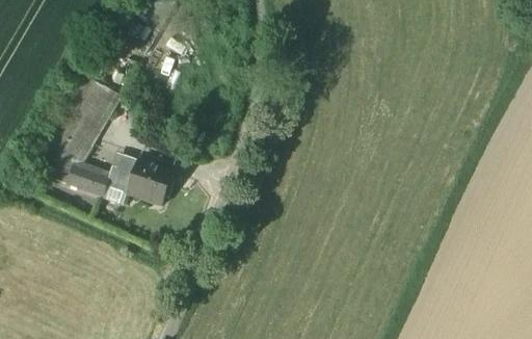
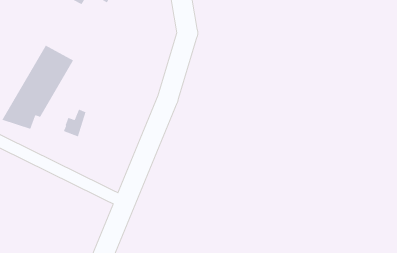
building: [128,158,175,204] -> none
building: [68,164,111,194] -> none

